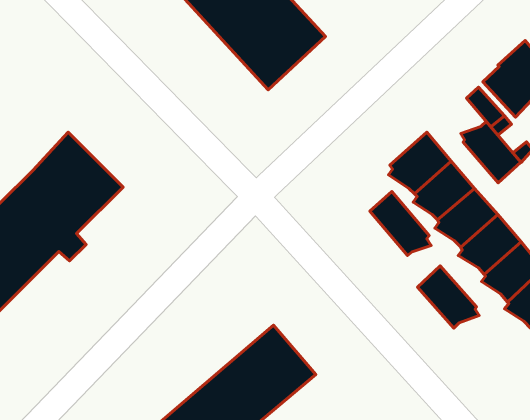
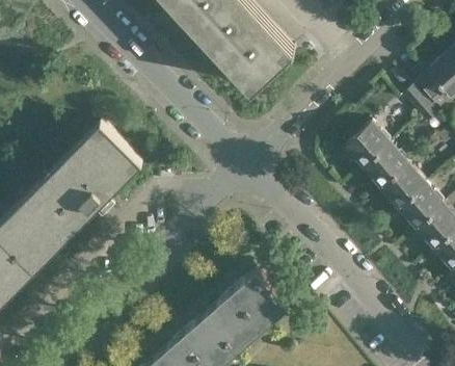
building: [461,121,521,183] -> none
building: [370,192,431,255] -> none
building: [418,266,479,328] -> none

